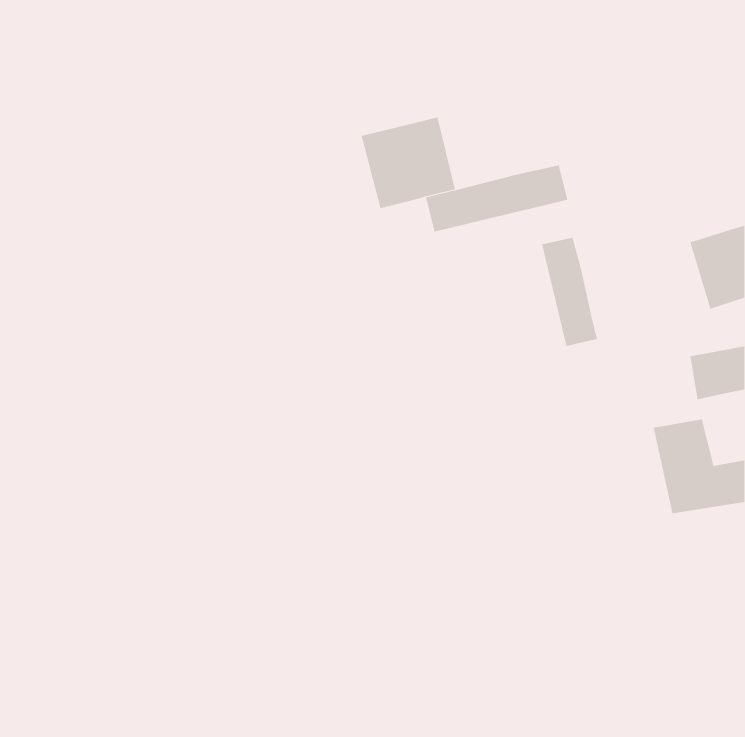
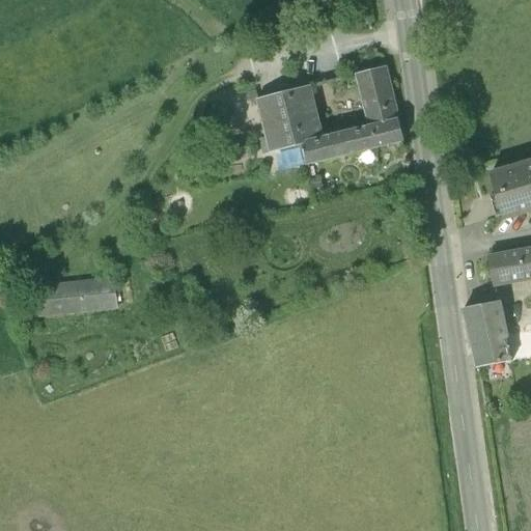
building: none -> [355,64,397,123]
building: [542,237,597,347] -> none
building: none -> [34,275,116,313]

